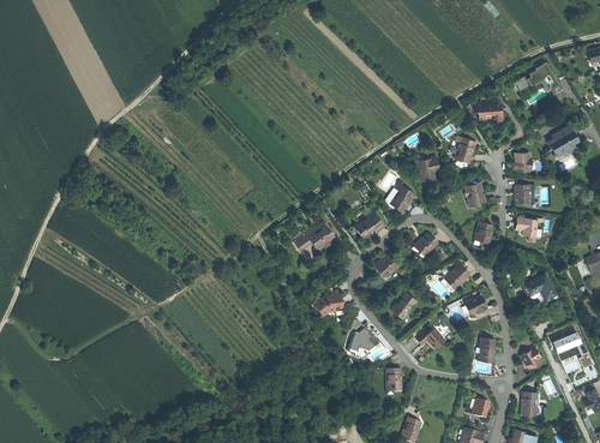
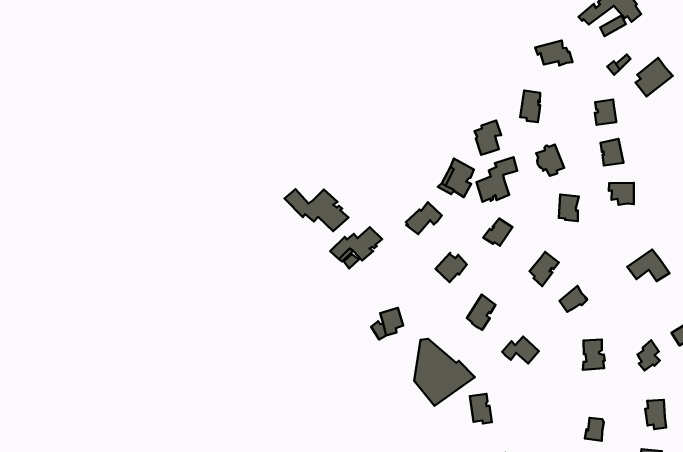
building: none -> [476,157,517,202]
building: none -> [285,189,349,231]

